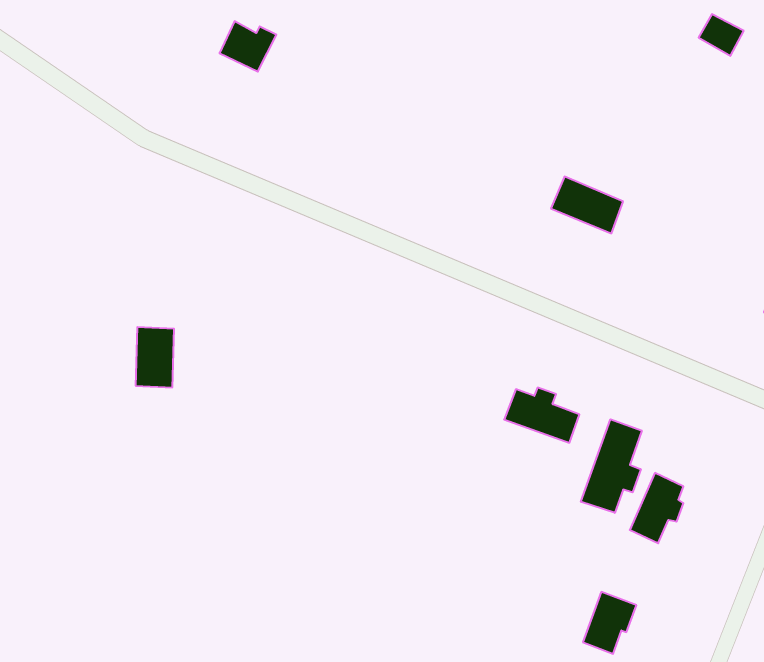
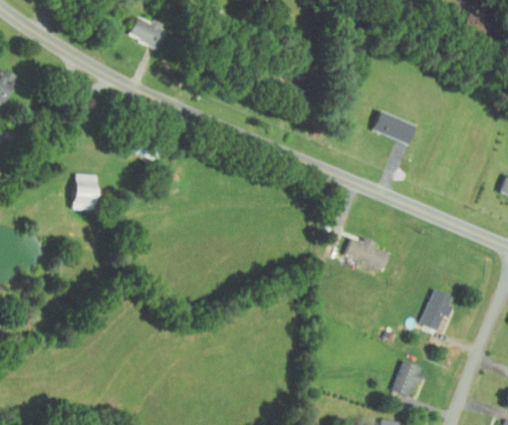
building: [219,21,276,72] -> [129,16,163,46]
building: [136,327,174,387] -> [73,174,96,210]
building: [581,419,642,513] -> none

